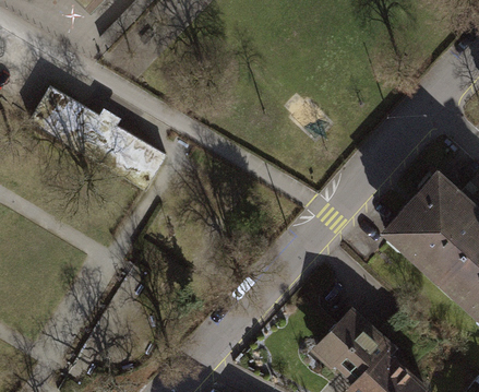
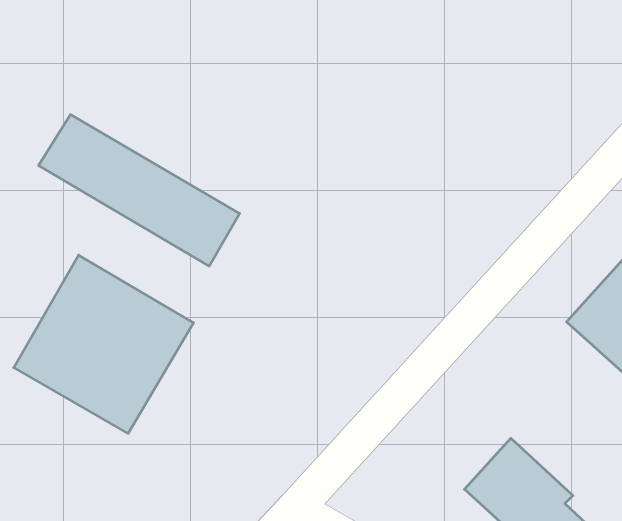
building: none -> [14,255,194,433]

